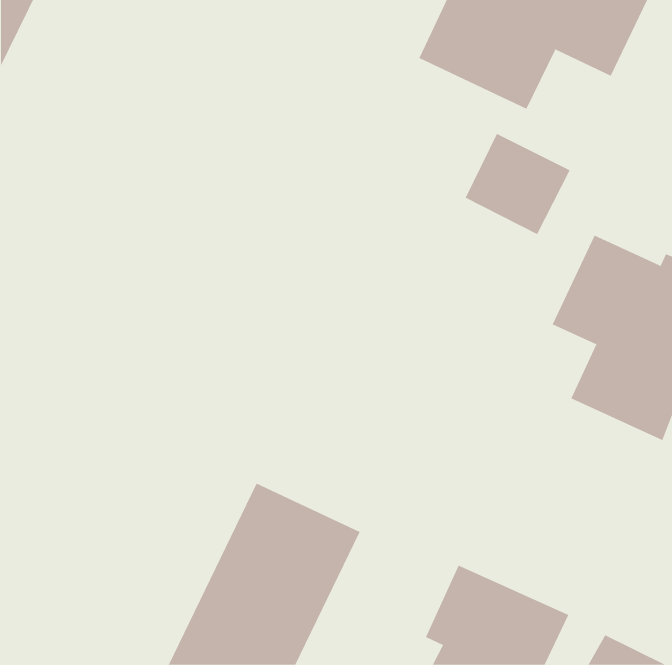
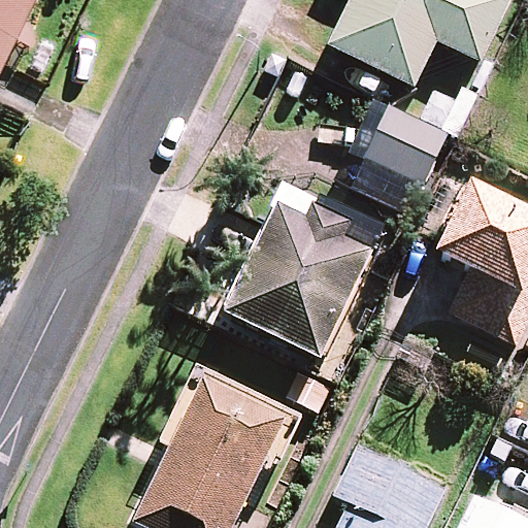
building: none -> [222,191,380,361]

